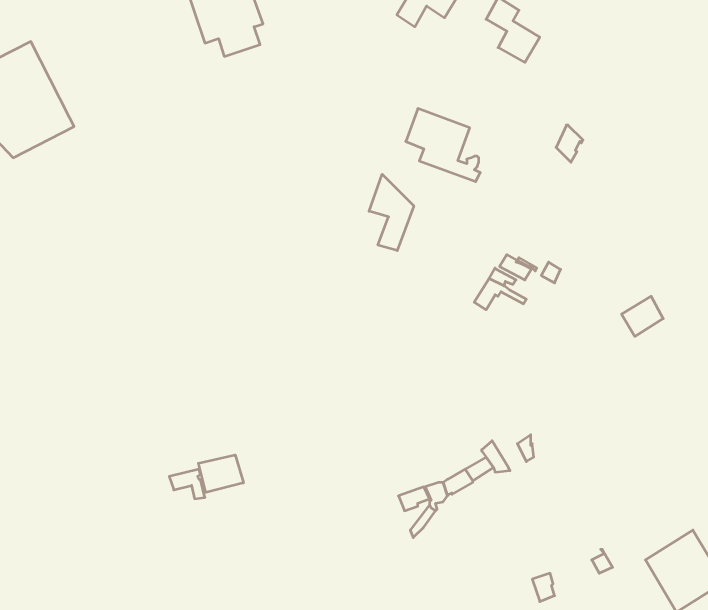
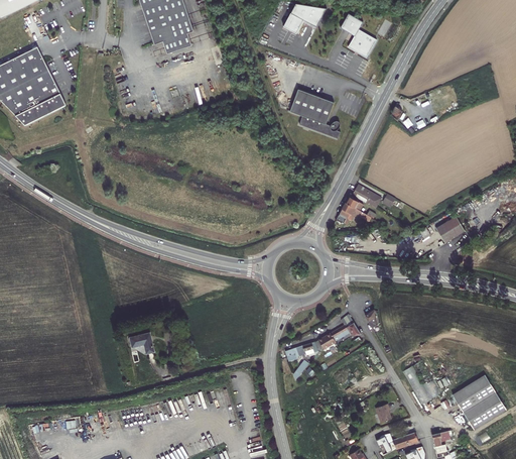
building: [369,174,414,251] -> none
building: [198,455,243,492] -> none

